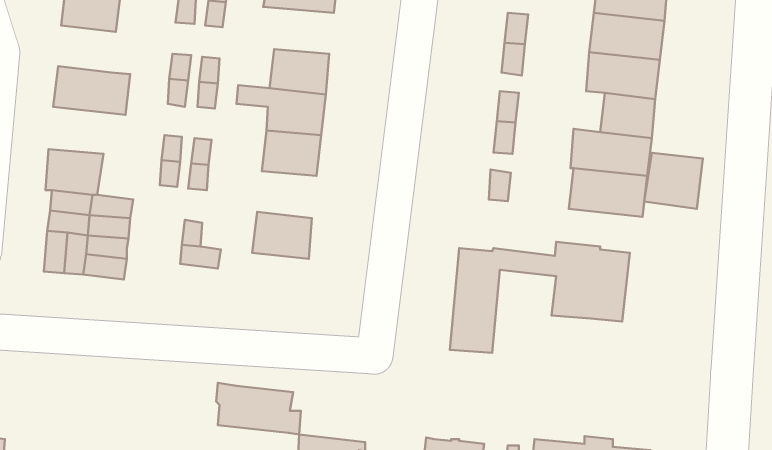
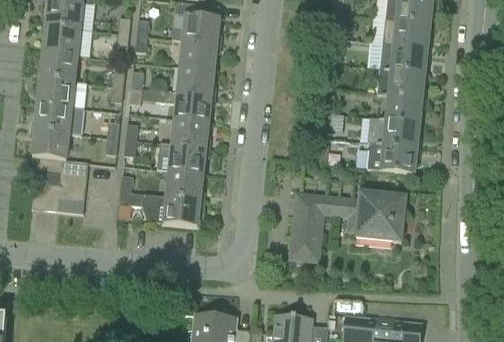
building: none -> [178,40,216,69]
building: none -> [40,51,77,81]
building: none -> [34,103,83,135]
building: [644,153,703,209] -> none
building: none -> [156,142,205,174]
building: [216,383,301,434] -> [151,194,205,227]

